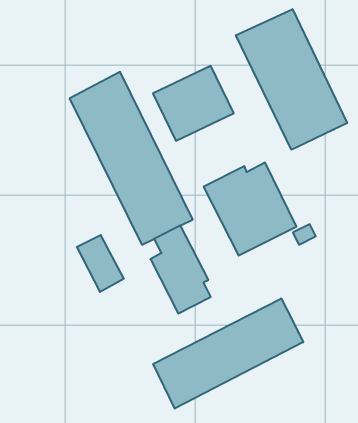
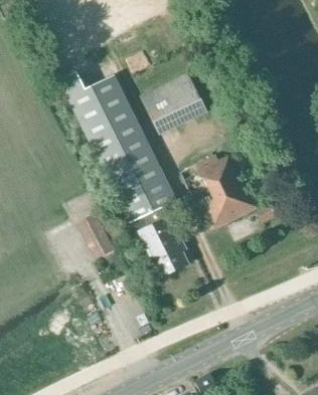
building: [236,9,347,150] -> none
building: [153,298,303,409] -> none

